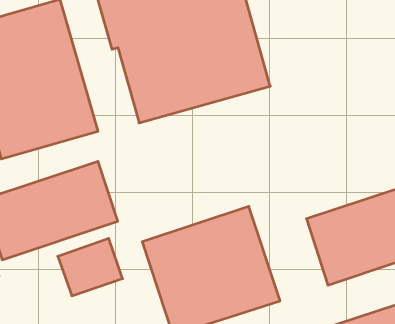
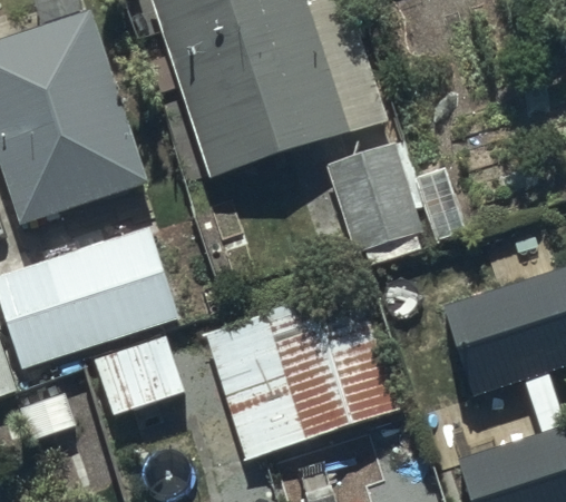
building: none -> [322,135,422,253]

